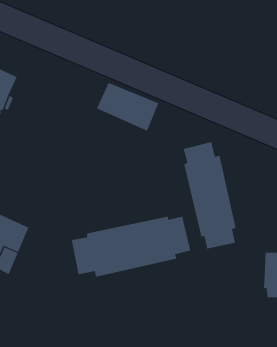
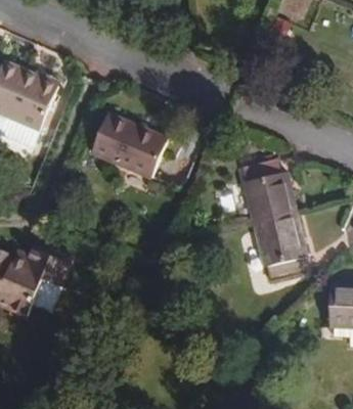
building: [96,82,159,131] -> [91,116,162,171]
building: [71,216,191,277] -> none

